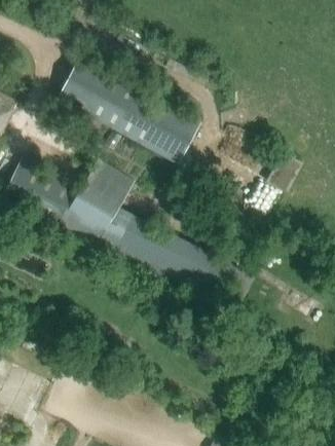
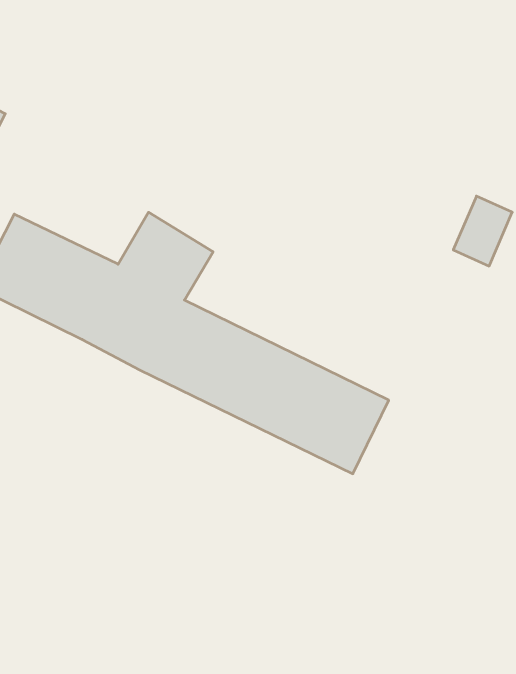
building: [57,55,201,162] -> none

